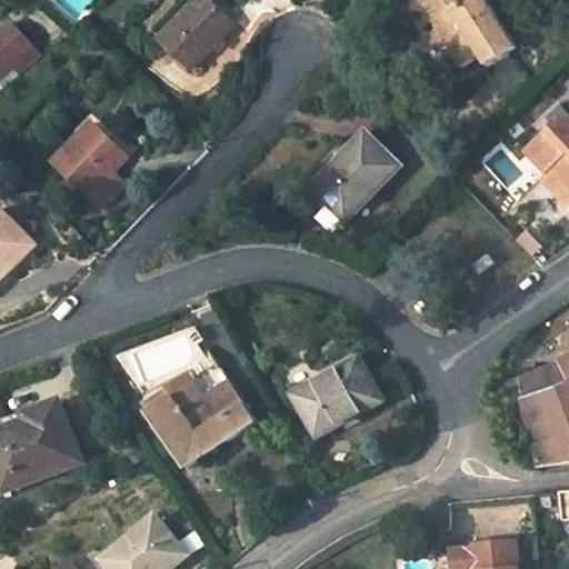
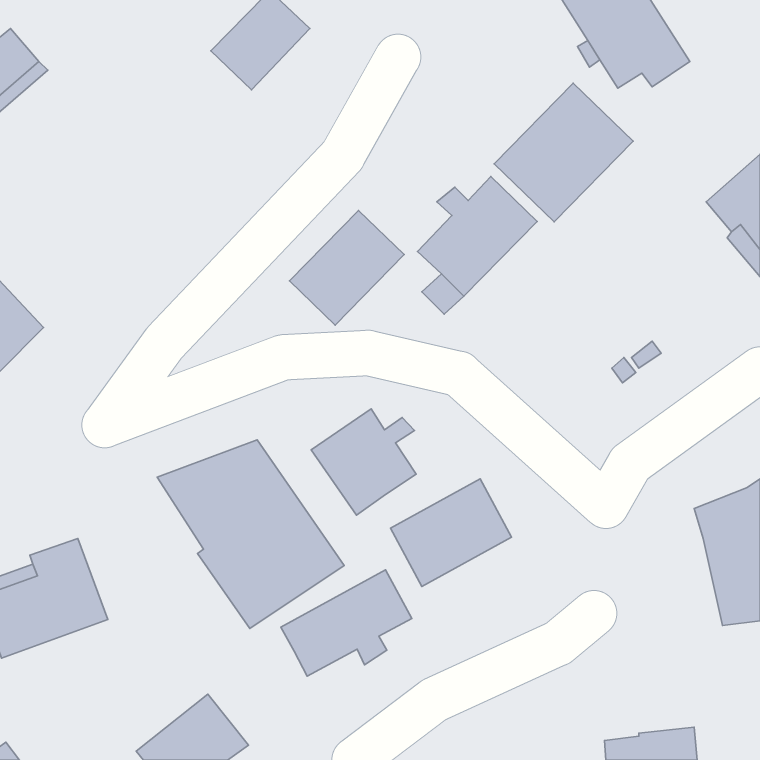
building: none -> [494,83,633,222]
building: [53,123,124,204] -> none
building: none -> [289,211,404,325]
building: none -> [311,409,416,515]
building: none -> [281,570,412,676]

